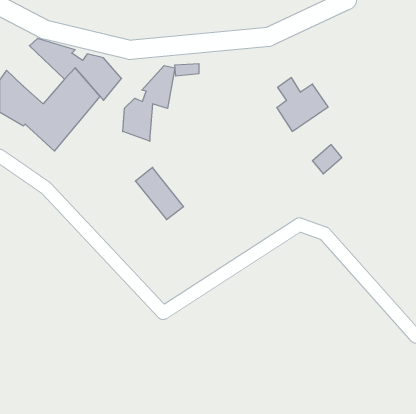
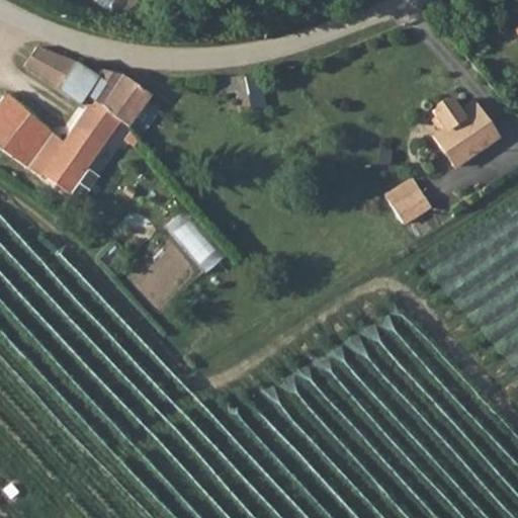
building: [123,66,175,141] -> none
building: [277,78,328,131] -> [435,102,499,169]

